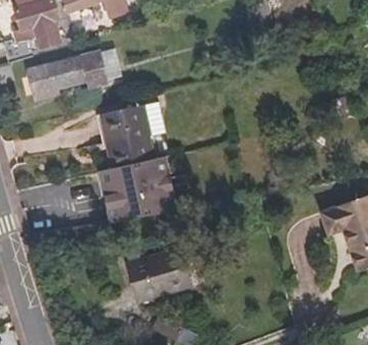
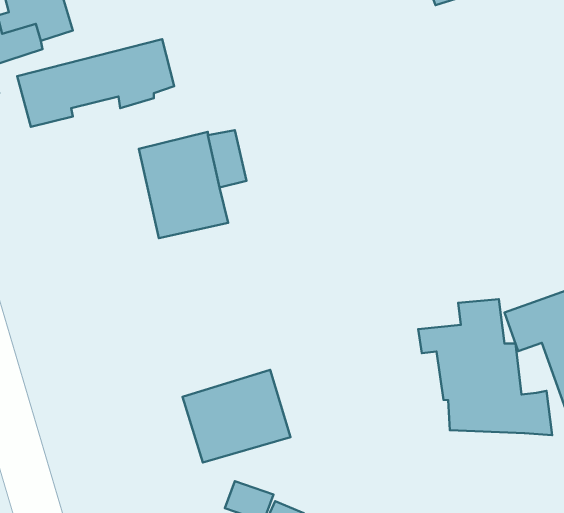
building: [105,154,185,221] -> none
building: none -> [418,299,552,435]

